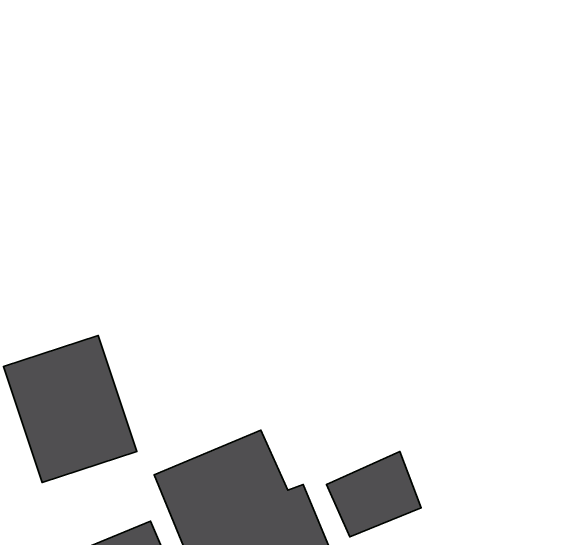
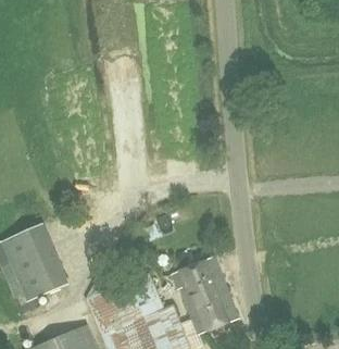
building: none -> [170,253,225,303]

